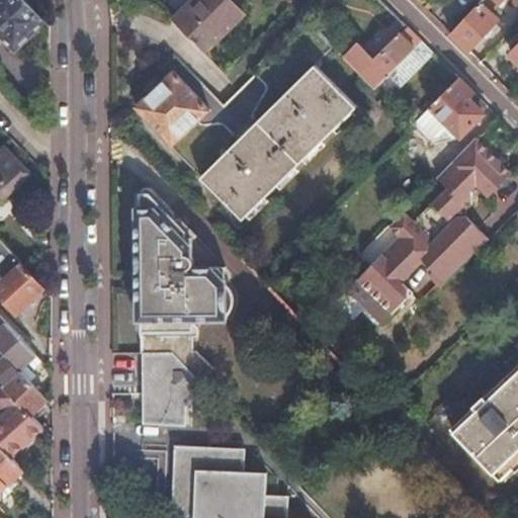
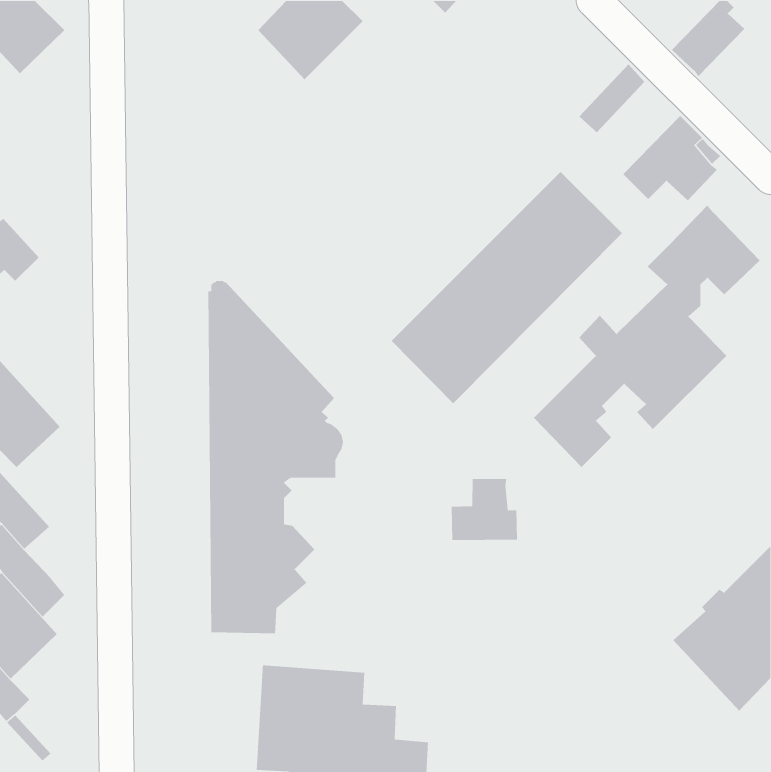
building: [341,27,418,88] -> none
building: [201,67,356,223] -> [391,171,623,404]
building: [135,72,207,146] -> none
building: none -> [451,478,518,541]

